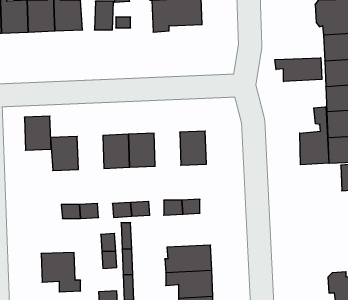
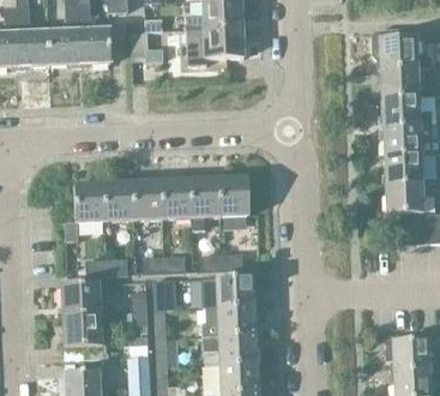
building: [275,58,322,82] -> none
building: [300,107,329,165] -> none
building: [24,116,51,150] -> [103,181,133,220]
building: none -> [189,178,219,229]
building: none -> [201,276,253,308]
building: none -> [61,281,108,314]

